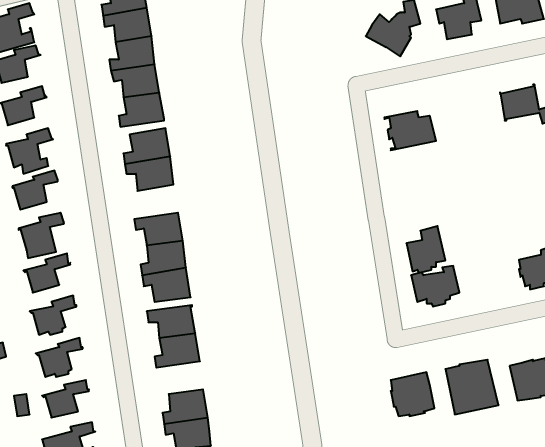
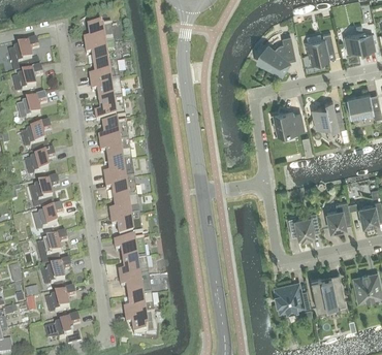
building: none -> [311,99,344,129]
building: none -> [103,156,133,179]
building: [406,226,445,273] -> [325,198,351,229]
building: none -> [119,272,150,294]

